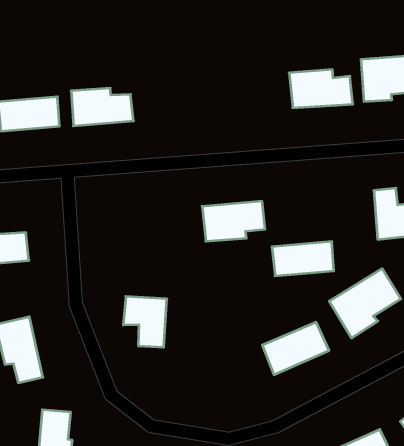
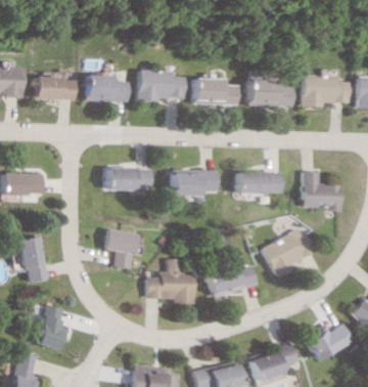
building: none -> [142,71,188,100]
building: none -> [196,79,240,105]
building: none -> [112,168,158,190]
building: [272,242,334,276] -> [238,172,282,195]
building: none -> [150,259,196,304]

